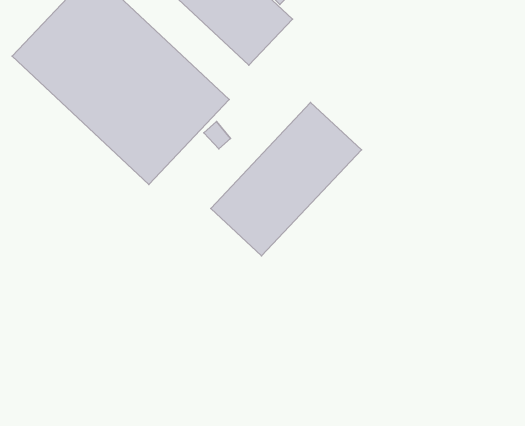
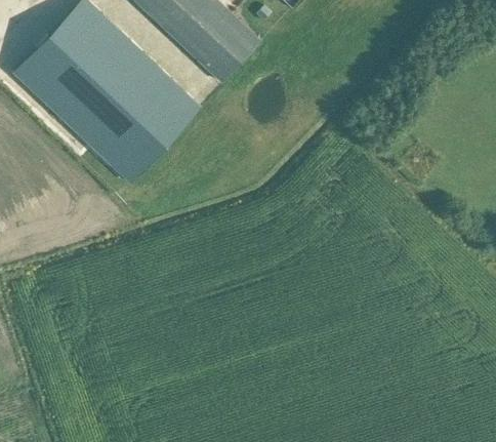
building: [211,103,361,256] -> none

